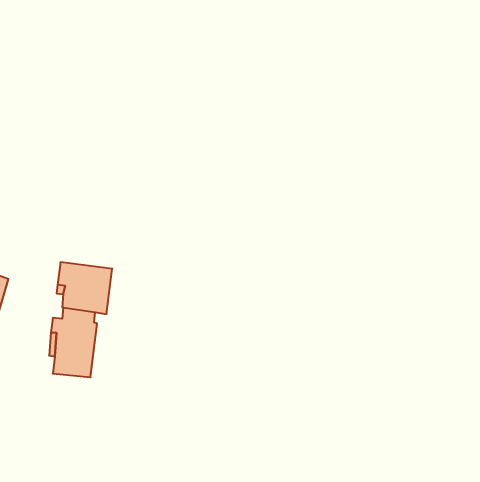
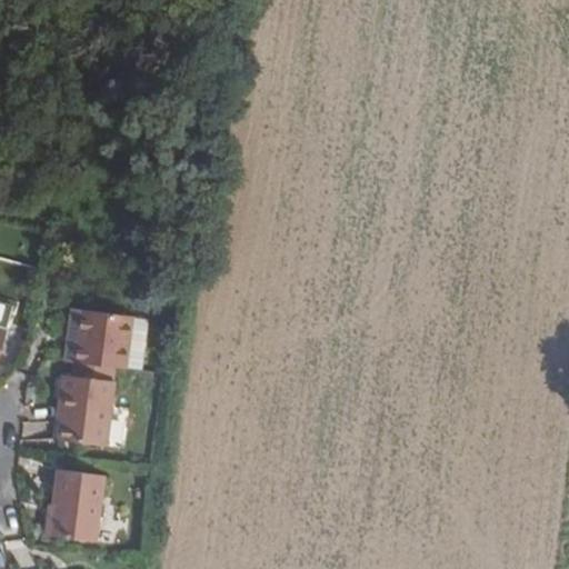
building: none -> [49,469,102,540]

